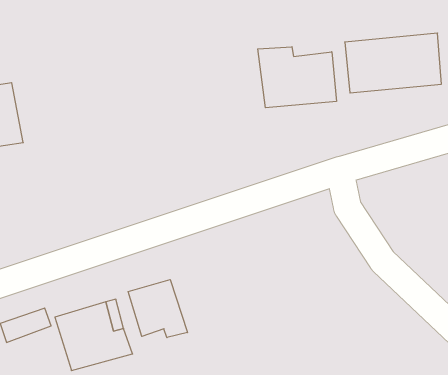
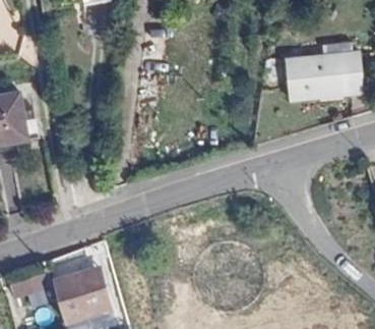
building: [258,47,336,108] -> none
building: [128,280,187,338] -> none

